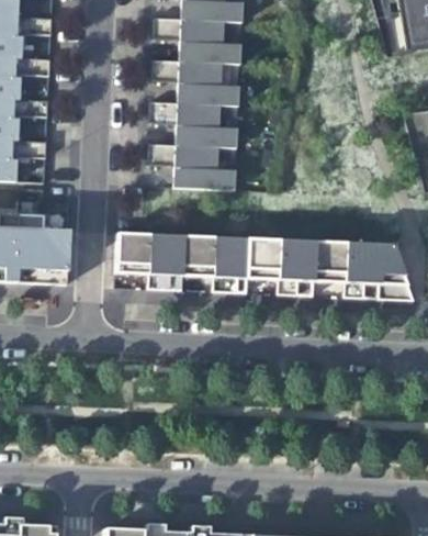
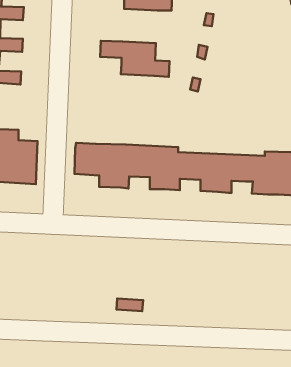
building: [150,58,239,104] -> none
building: [147,143,236,189] -> none

